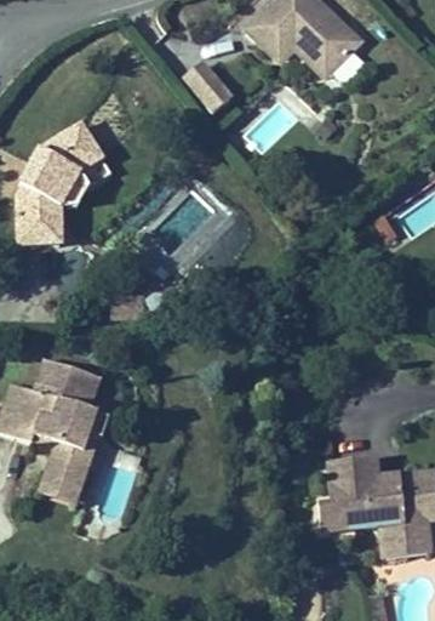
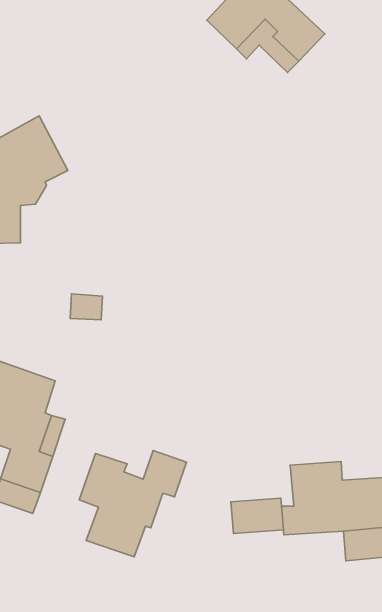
building: [179,57,235,115] -> none
building: none -> [79,451,186,557]
building: none -> [231,498,283,533]

